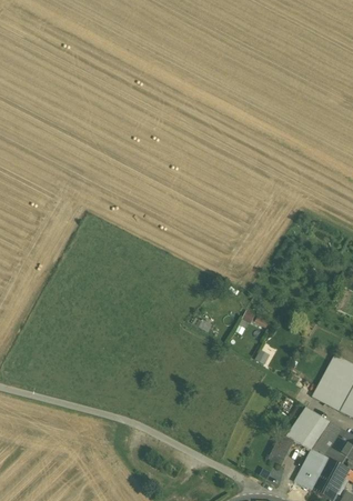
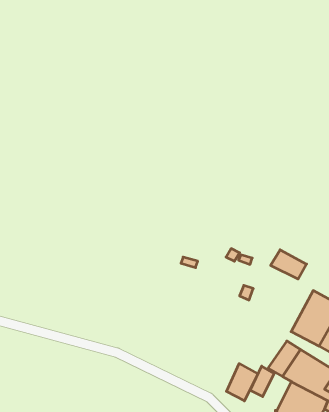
building: none -> [271,250,307,279]
building: none -> [226,364,258,401]

